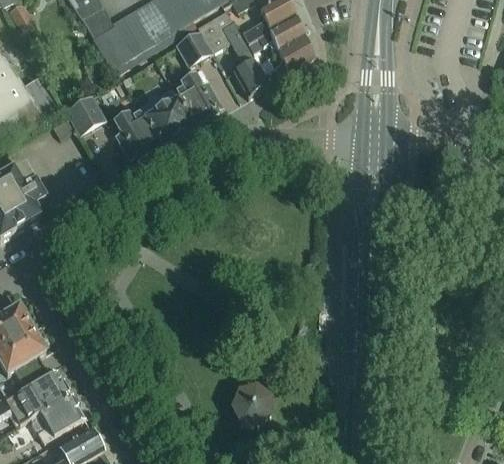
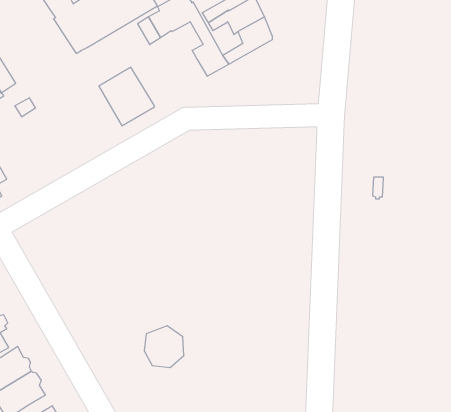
building: [170,72,221,125] -> none
building: [67,95,105,133] -> none
building: [114,105,161,159] -> none
building: [231,383,271,425] -> [144,326,184,368]

